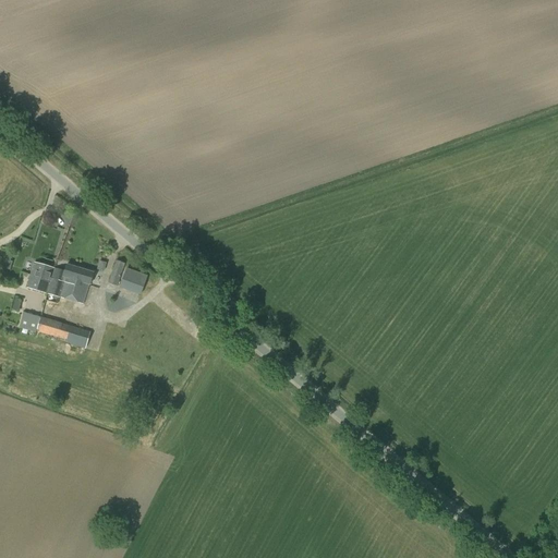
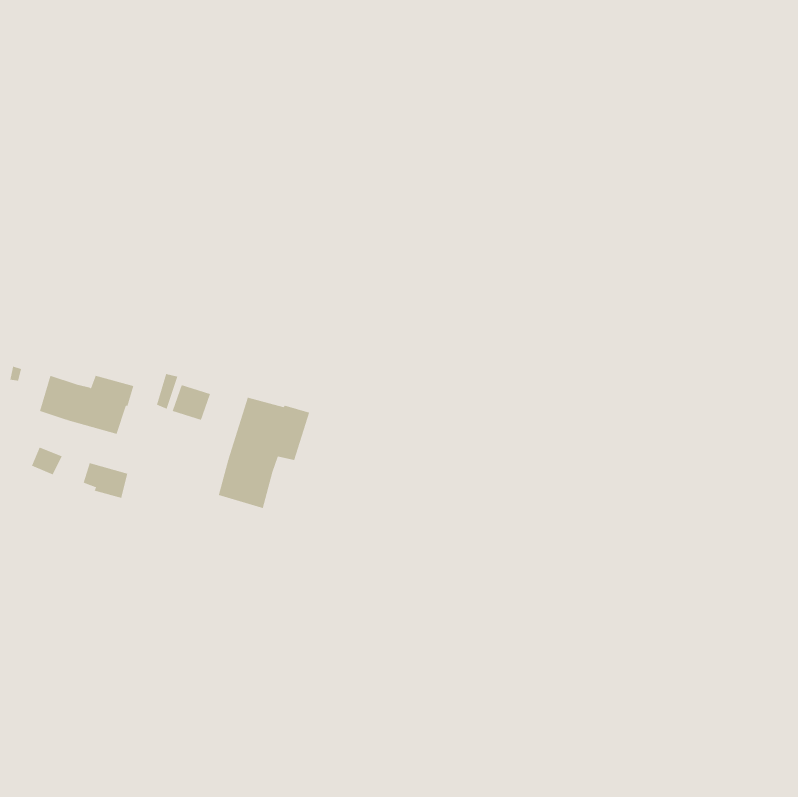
building: none -> [218,397,310,509]

